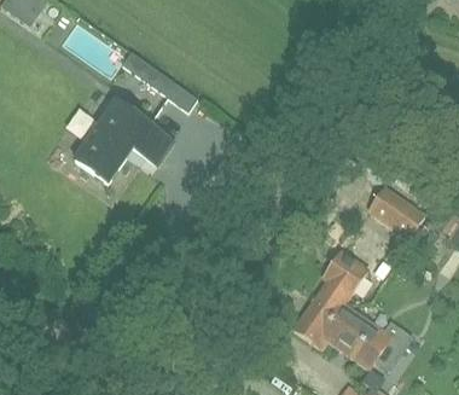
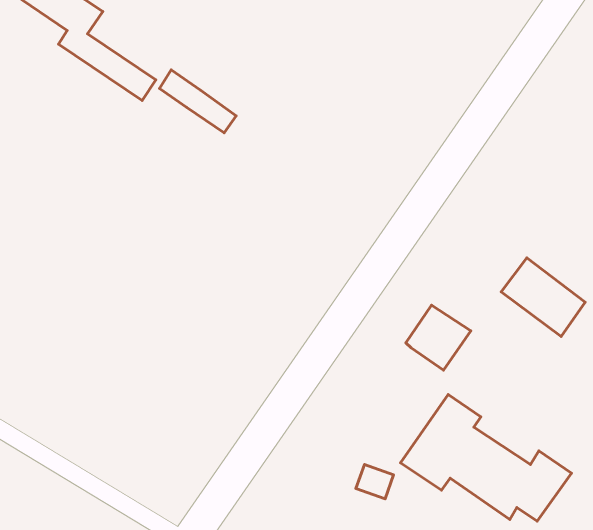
building: [74,100,173,182] -> none
building: [323,250,368,296] -> [406,305,471,370]

